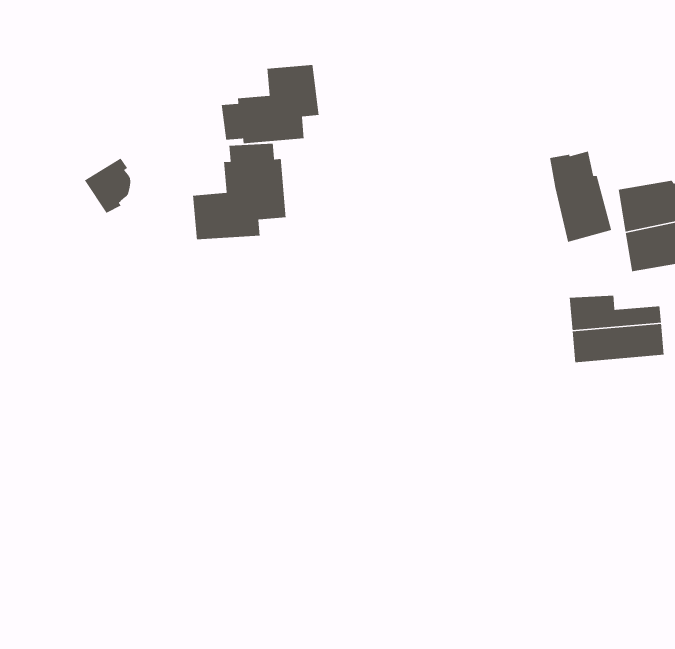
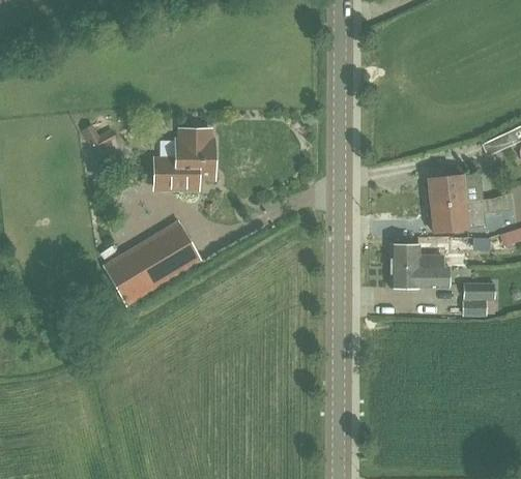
building: [221,64,319,144] -> none
building: [549,151,612,243] -> none
building: none -> [106,223,200,304]

